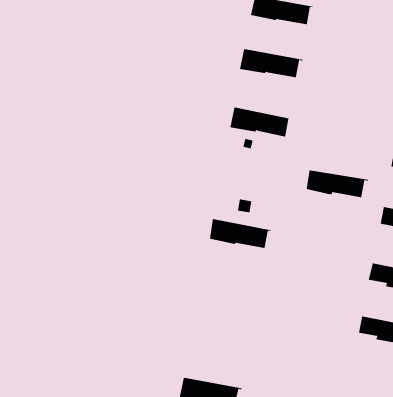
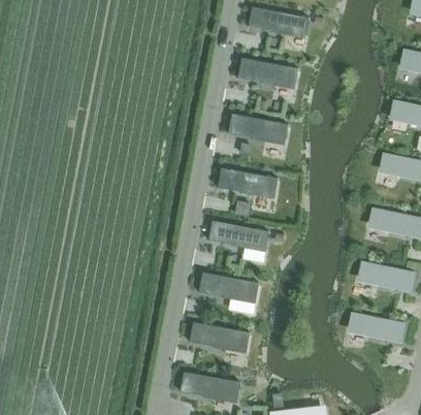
building: [306,170,368,198] -> [219,168,279,195]
building: none -> [199,273,260,300]
building: none -> [190,322,251,350]

